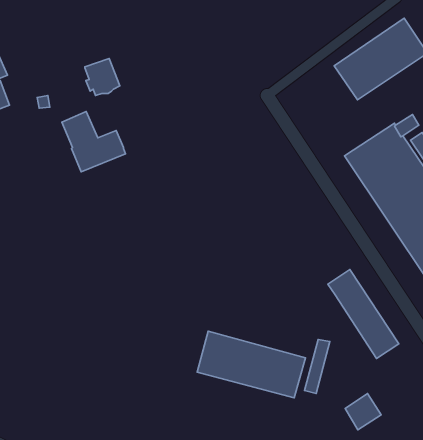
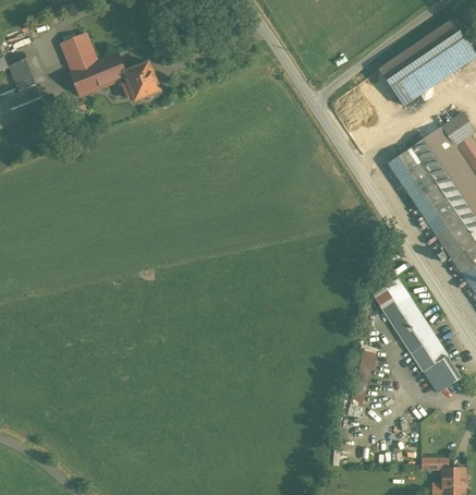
building: [62,111,126,172] -> [60,33,125,95]
building: [197,331,306,398] -> none
building: [345,394,381,430] -> [423,354,460,391]

